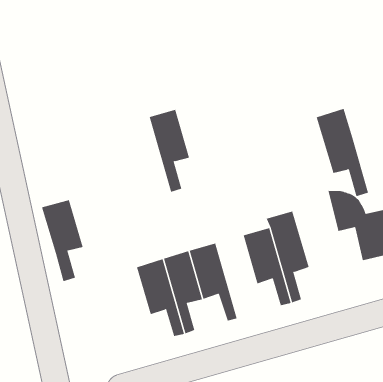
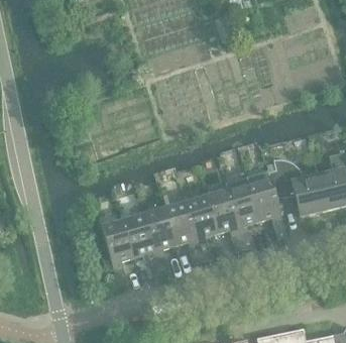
building: [316,108,369,197] -> [245,170,286,240]
building: [149,109,190,193] -> [185,197,217,262]
building: [41,200,83,282] -> [100,222,133,287]

